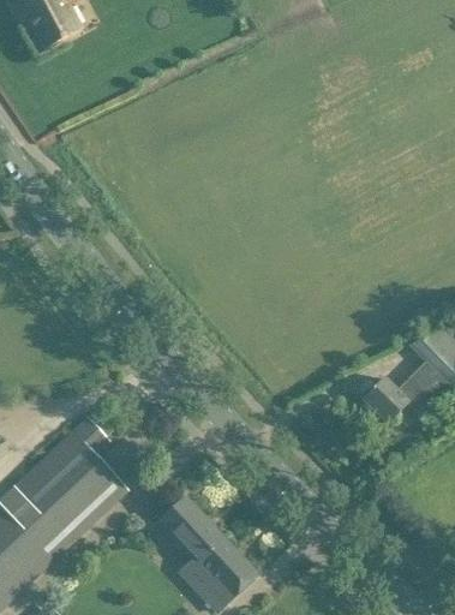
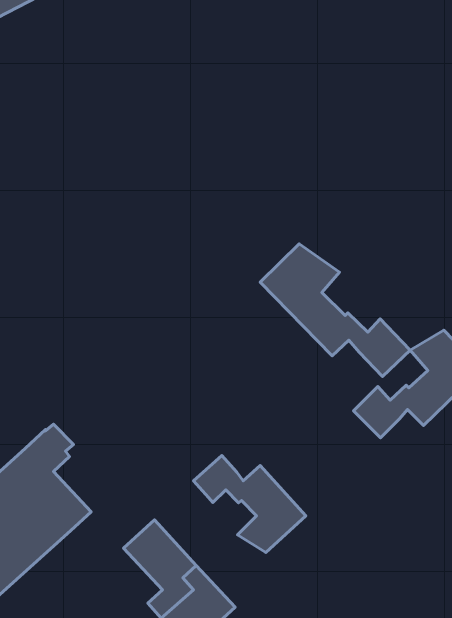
building: none -> [260,244,410,377]
building: none -> [194,455,306,553]

